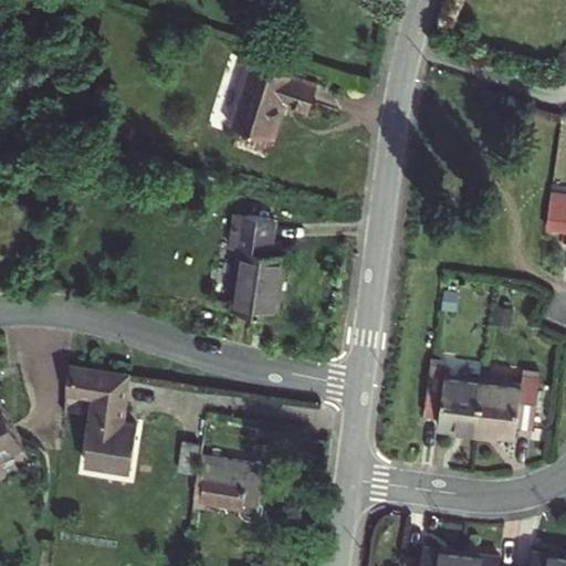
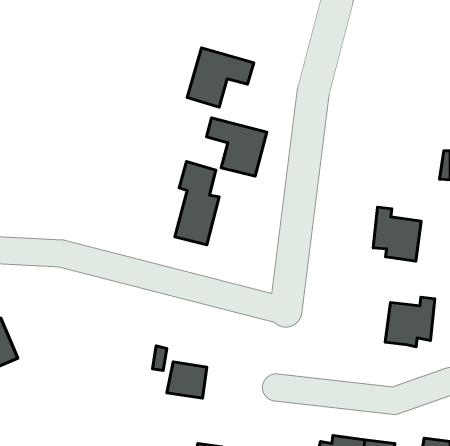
building: none -> [207,118,267,176]
building: [427,368,486,436] -> [373,207,421,261]
building: [66,369,136,468] -> none

